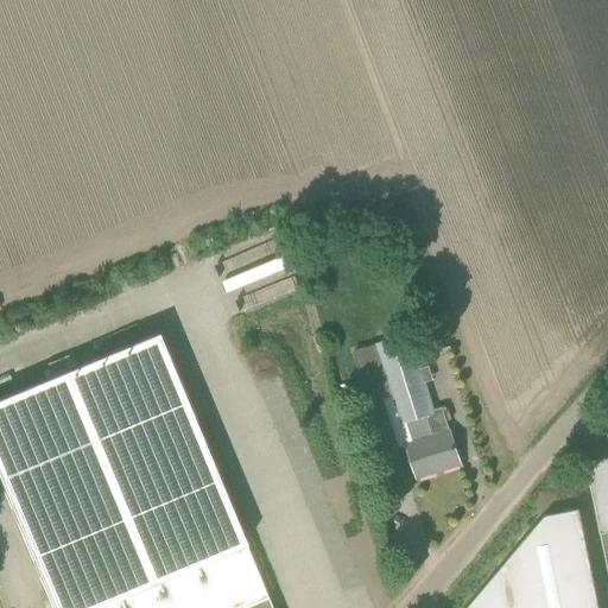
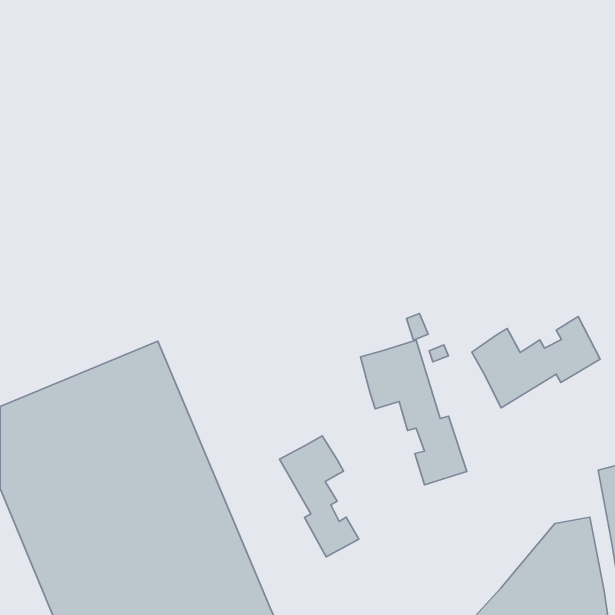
building: none -> [472,316,600,408]
building: none -> [280,436,359,557]

